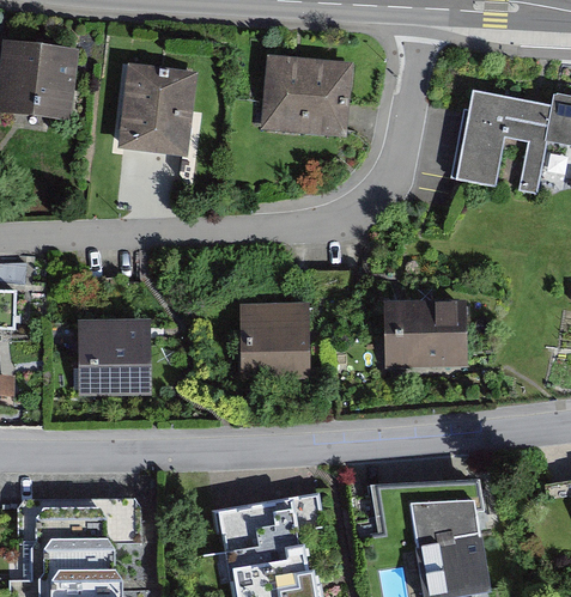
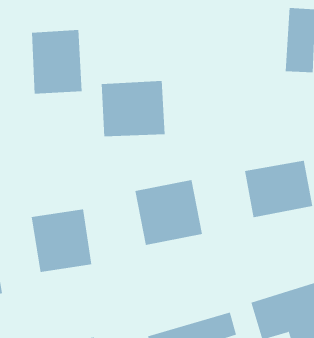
building: [261,60,356,145] -> [101,80,165,137]

